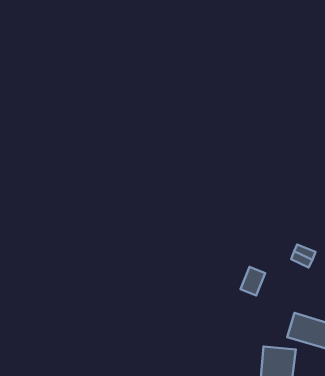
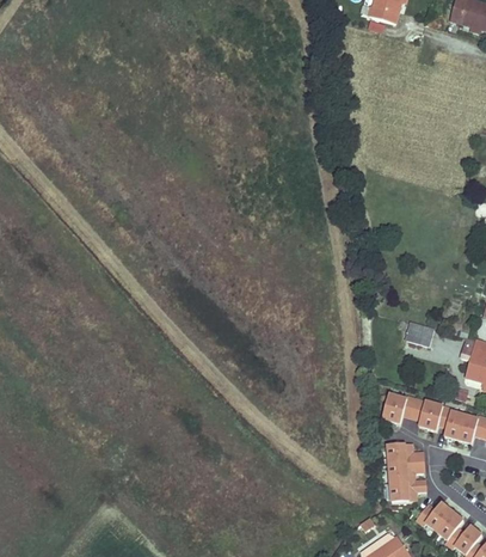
building: [240,267,265,295] -> [383,392,410,424]

